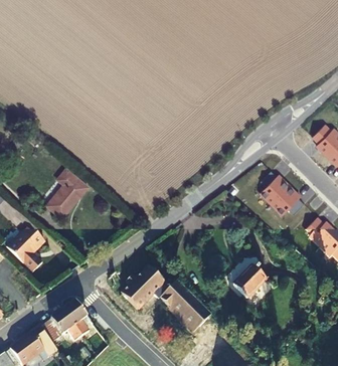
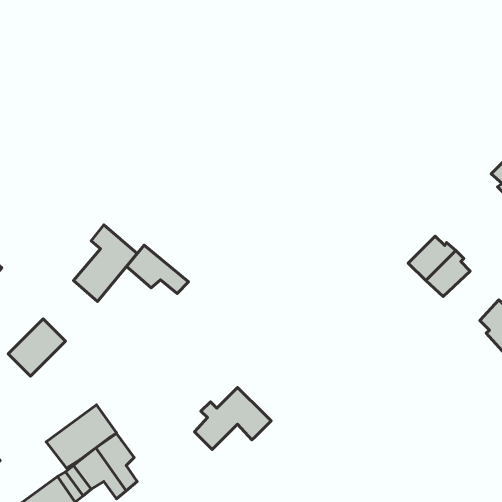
building: none -> [127,245,189,293]
building: [232,263,265,297] -> none
building: [164,282,211,332] -> none
building: none -> [46,405,116,468]

